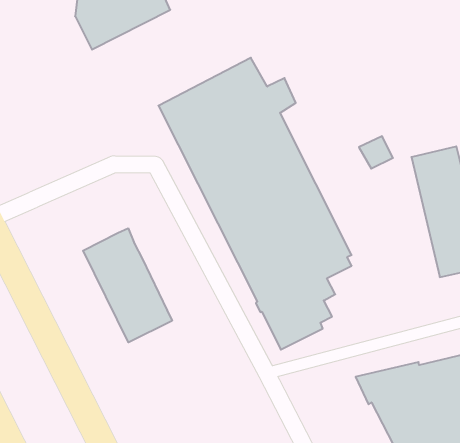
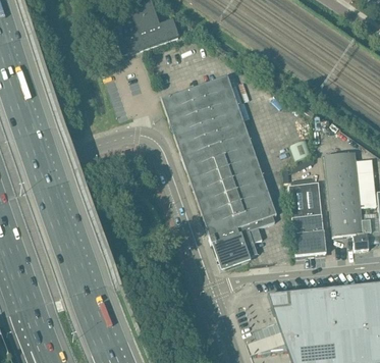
building: none -> [288,180,326,255]
building: [83,228,172,342] -> none

